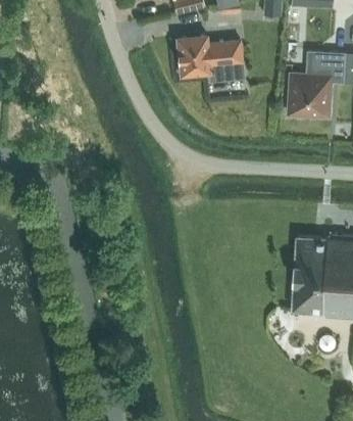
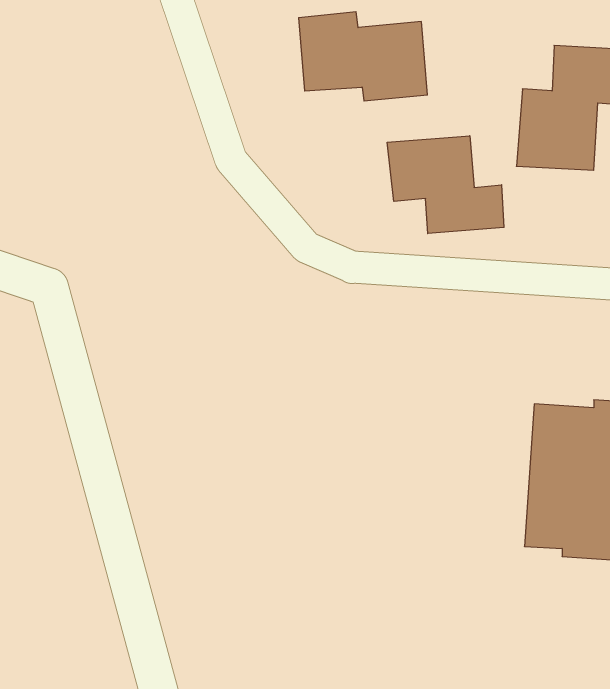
building: none -> [387,136,504,234]

